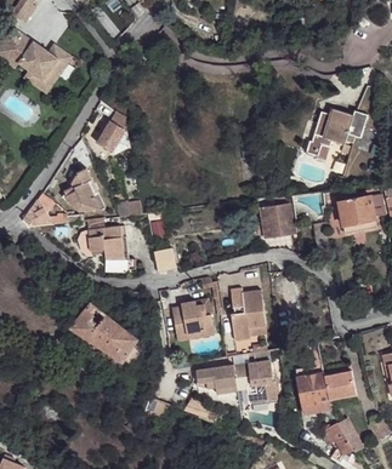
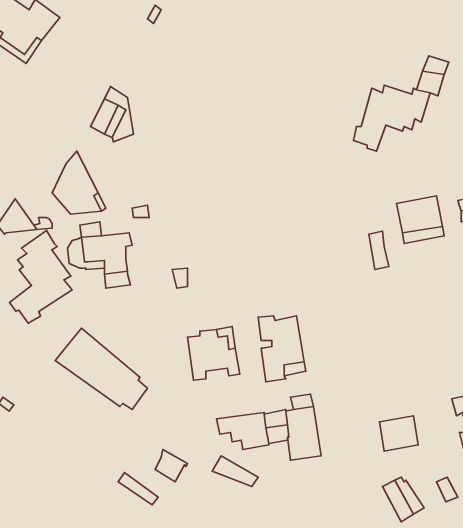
building: [261,204,295,236] -> none
building: none -> [9,230,72,323]
building: [297,362,330,414] -> none

